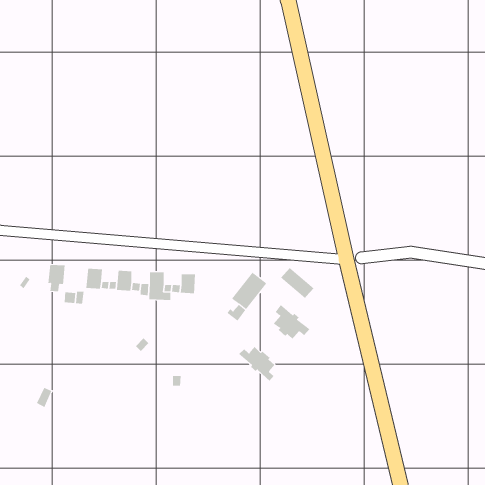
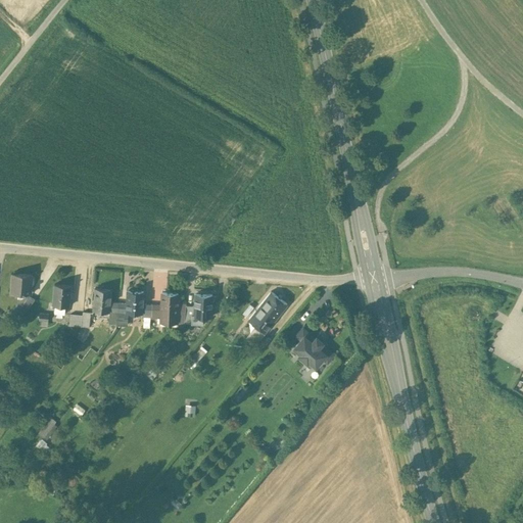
building: none -> [9,275,32,295]
building: [280,267,314,299] -> none
building: [238,346,275,382] -> none

